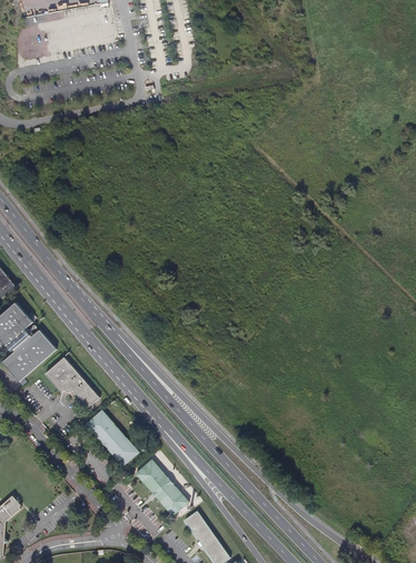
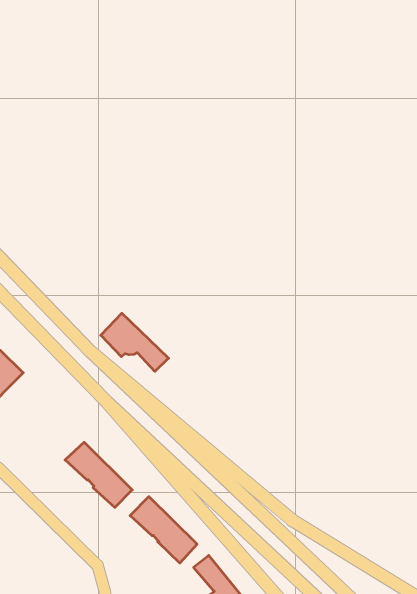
building: [44,356,99,406] -> [101,313,169,371]

